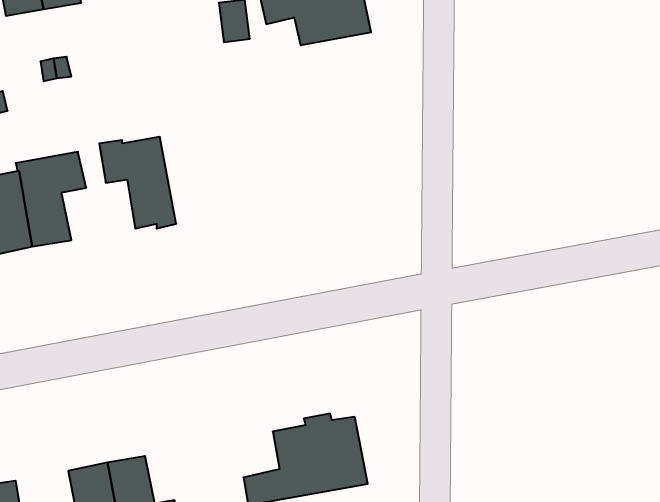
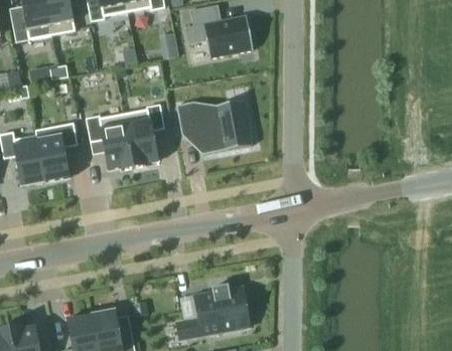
building: none -> [175,100,252,154]
building: none -> [123,104,164,167]

